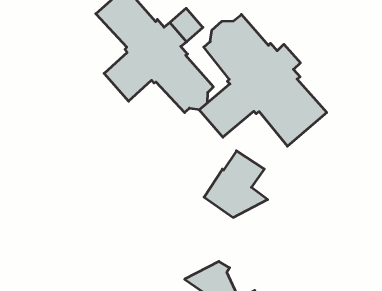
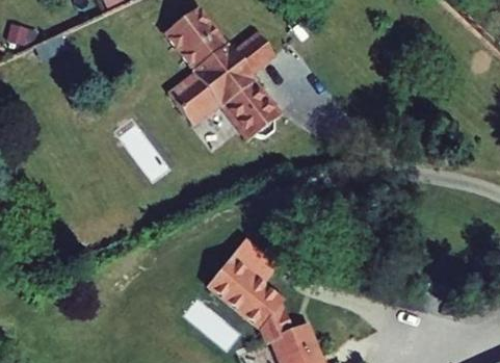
building: [199,14,327,146] -> none
building: [204,151,268,217] -> [209,240,273,308]

